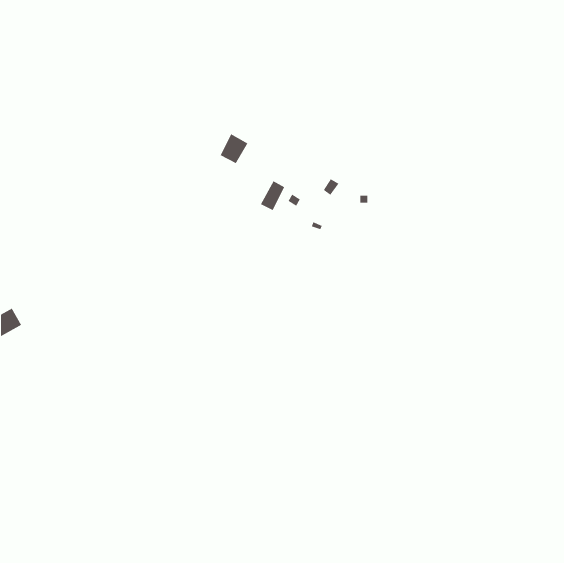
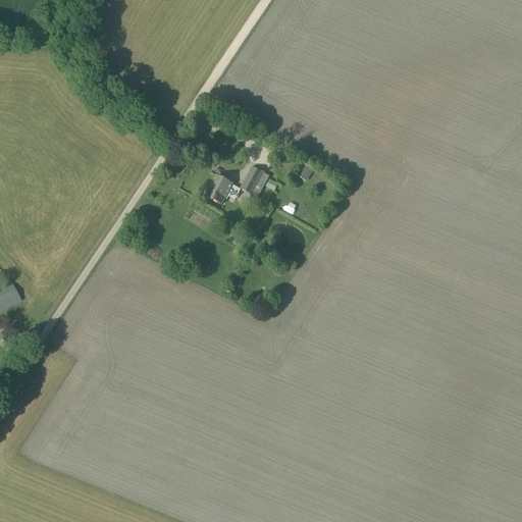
building: [220,133,248,164] -> [207,174,233,203]

